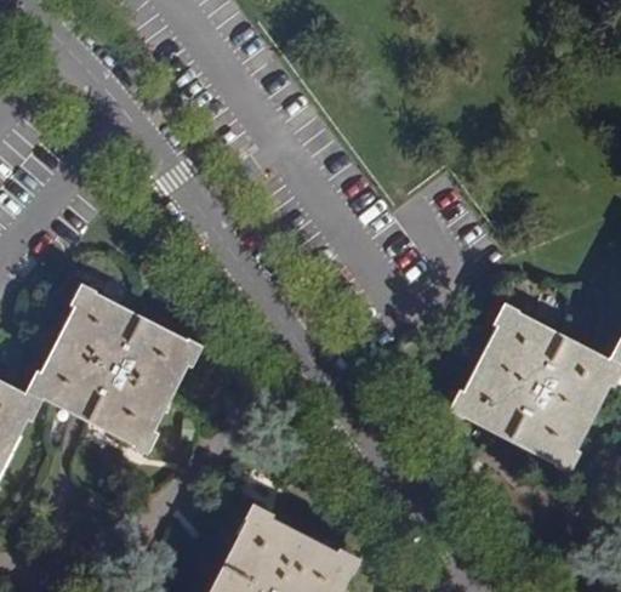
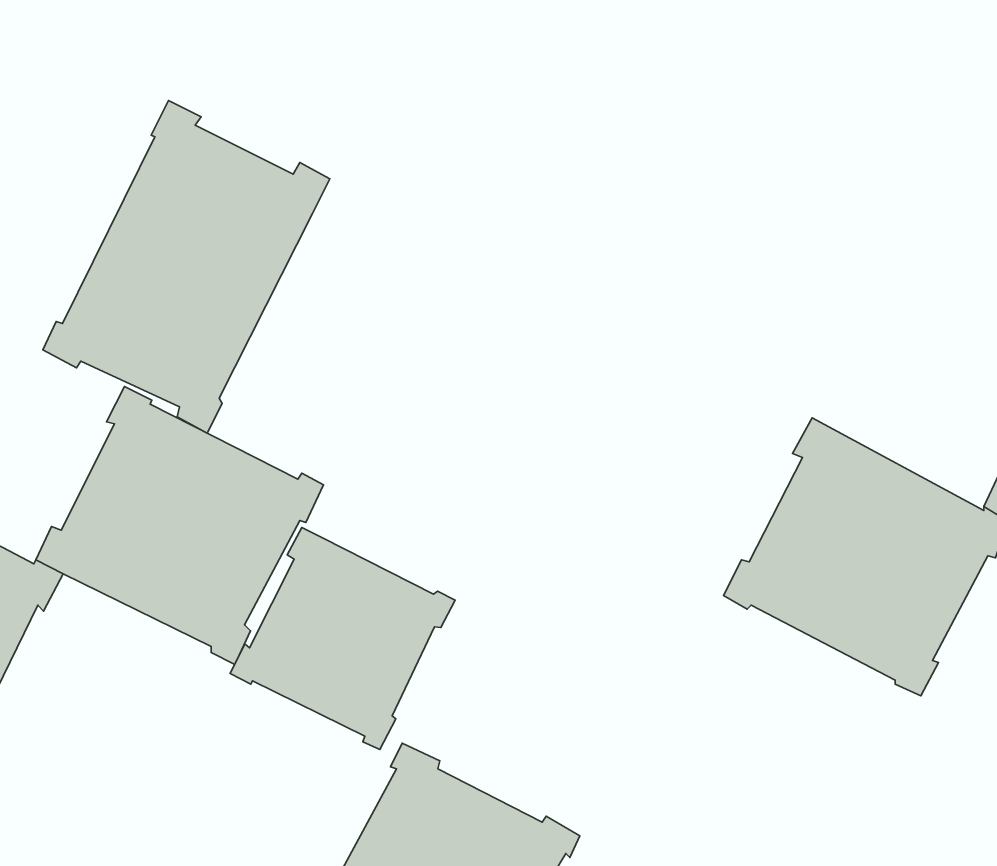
building: none -> [43,101,330,433]
building: none -> [230,527,455,749]

